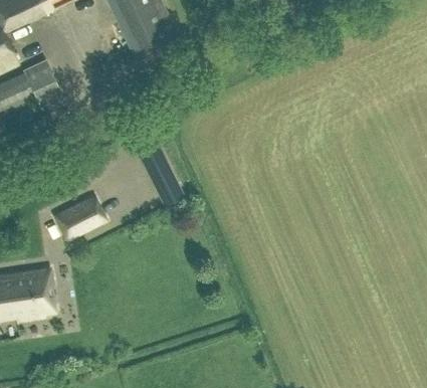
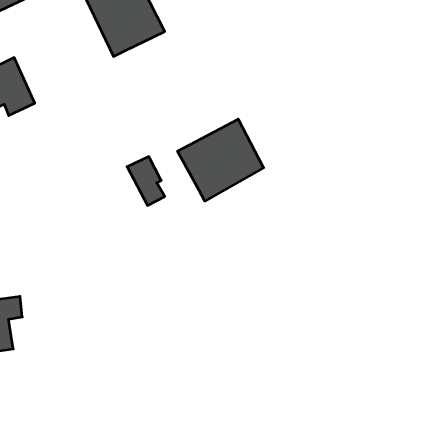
building: none -> [178,119,264,201]
building: [55,198,103,238] -> none

